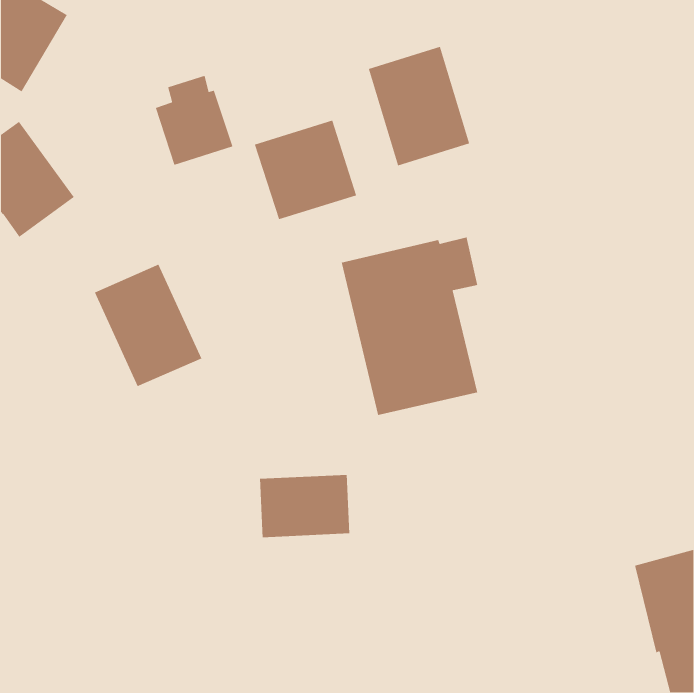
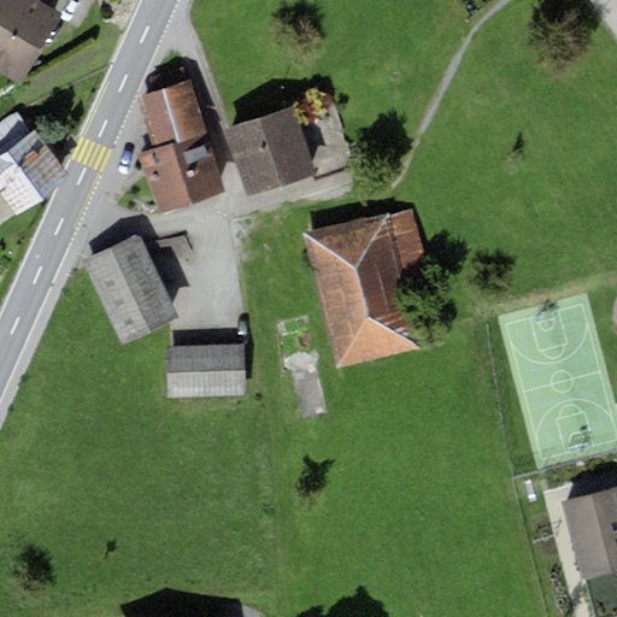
building: [368,46,470,166] -> none
building: none -> [140,133,228,213]
building: [259,474,350,538] -> [168,342,248,399]

